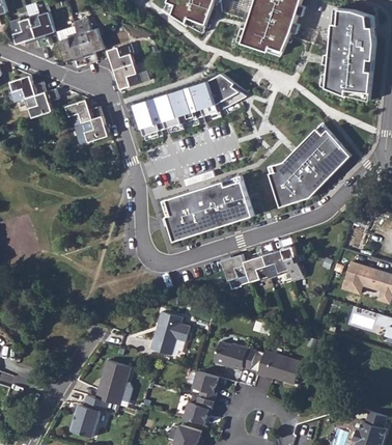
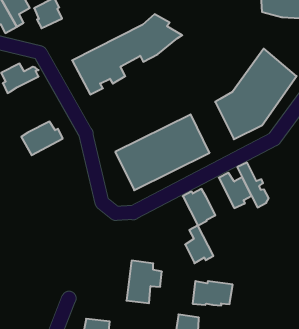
building: [108,62,144,87] -> none
building: [67,115,108,145] -> [21,122,63,155]
building: [243,243,269,279] -> [185,226,213,263]
building: [255,350,300,384] -> none

